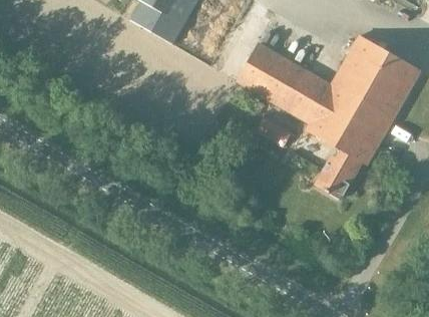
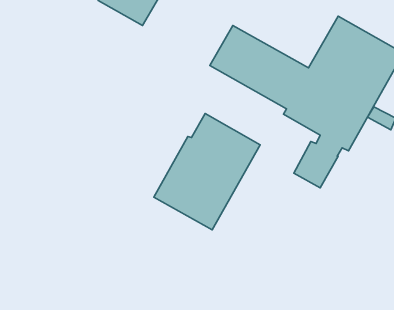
building: none -> [154,113,260,230]

